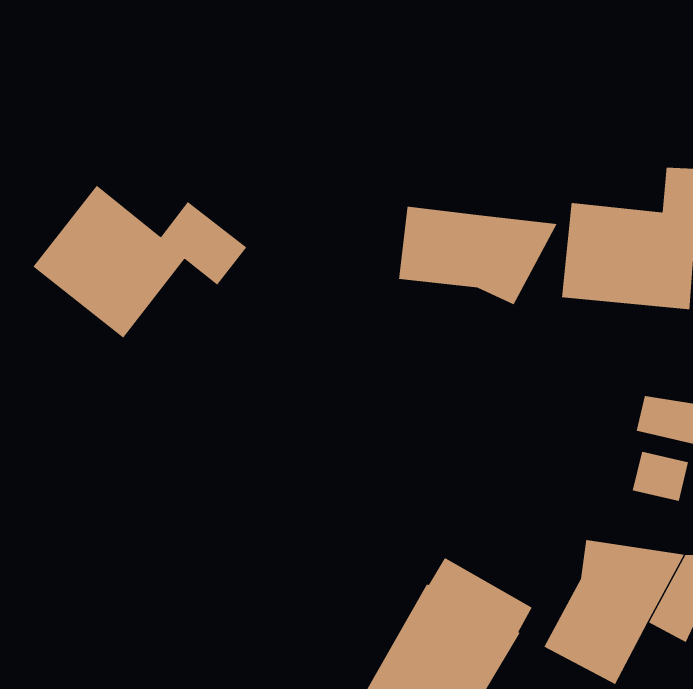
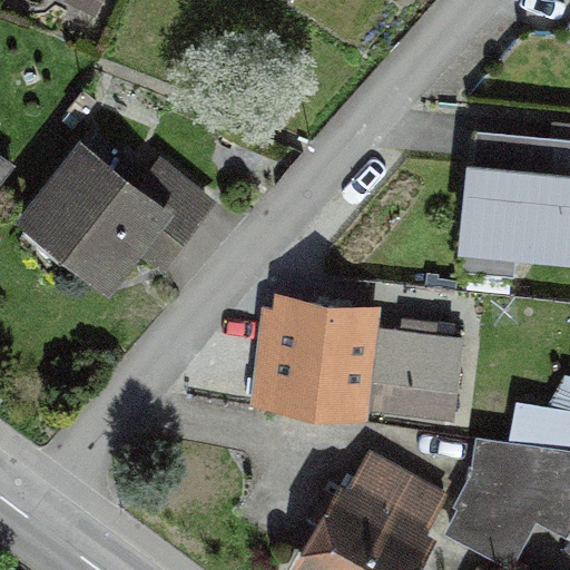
building: [398,206,558,305] -> none
building: none -> [256,305,456,413]

